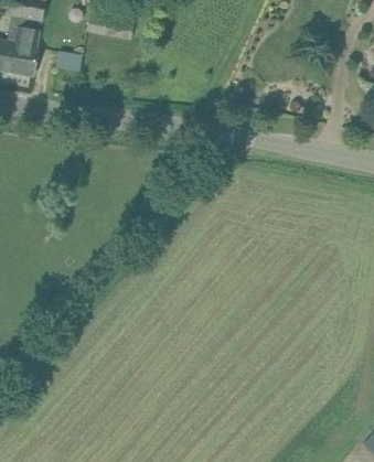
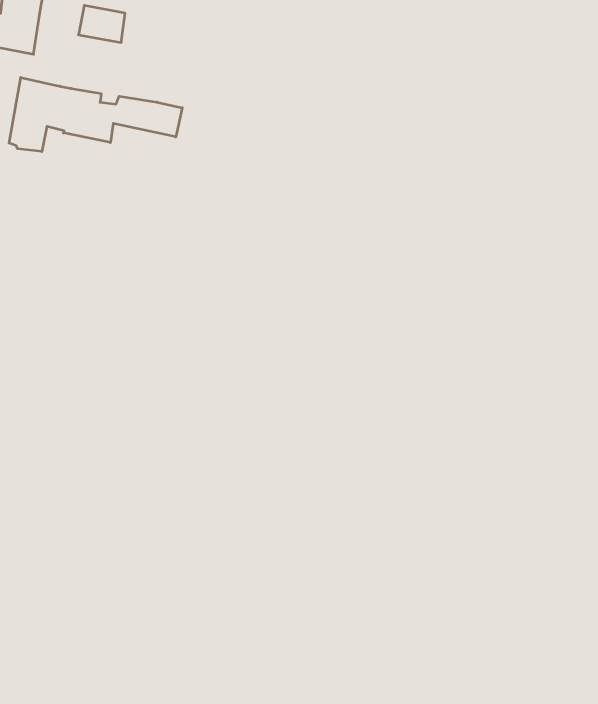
building: none -> [9,77,182,152]

